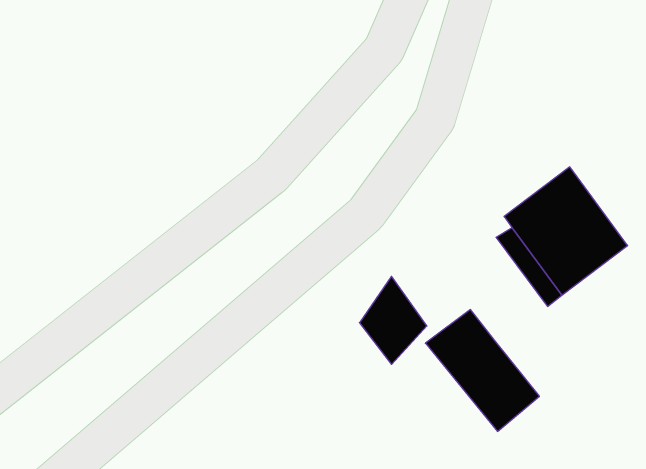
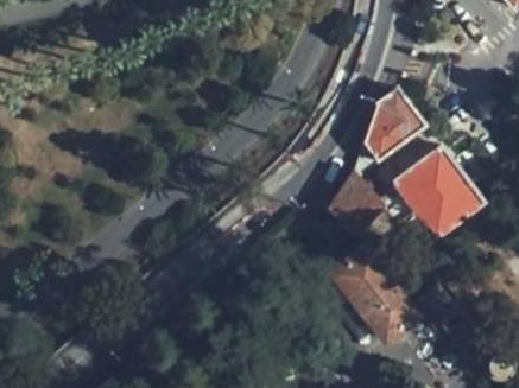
building: none -> [360,82,423,157]
building: [359,276,427,364] -> [329,167,379,233]

